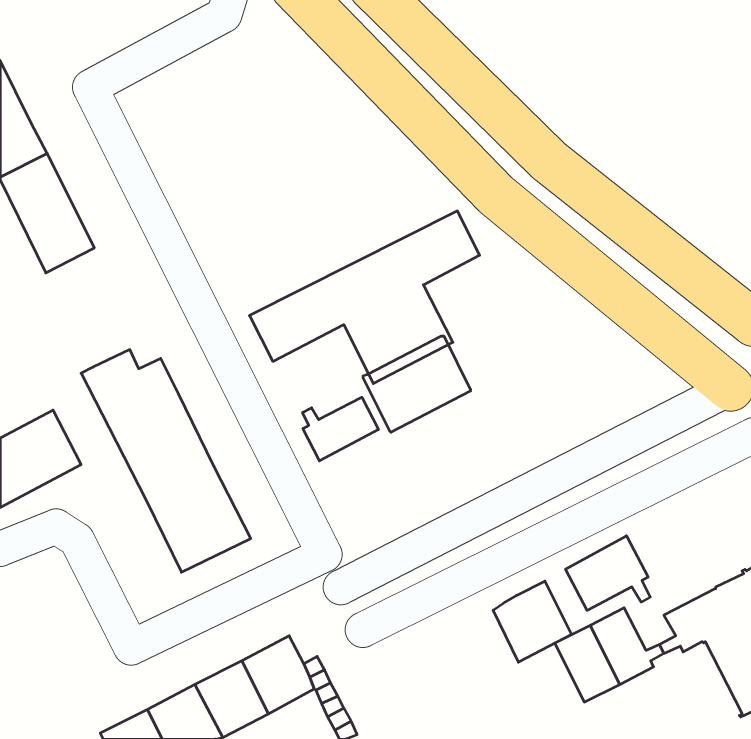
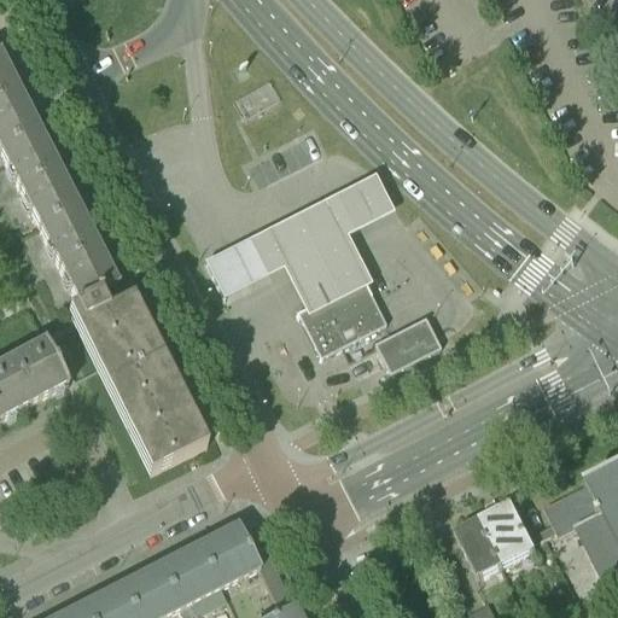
building: none -> [40,203,118,301]
building: none -> [375,314,442,369]
building: [303,397,378,461] -> none
building: [566,536,650,610] -> none
building: [493,581,571,662] -> none

